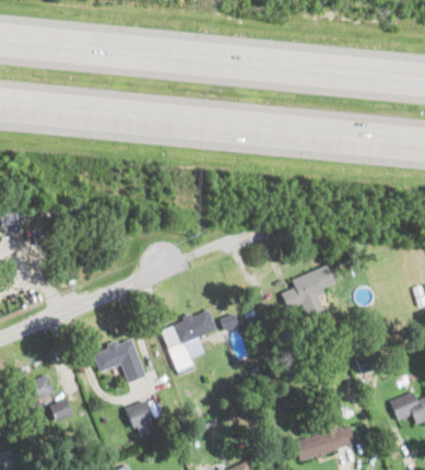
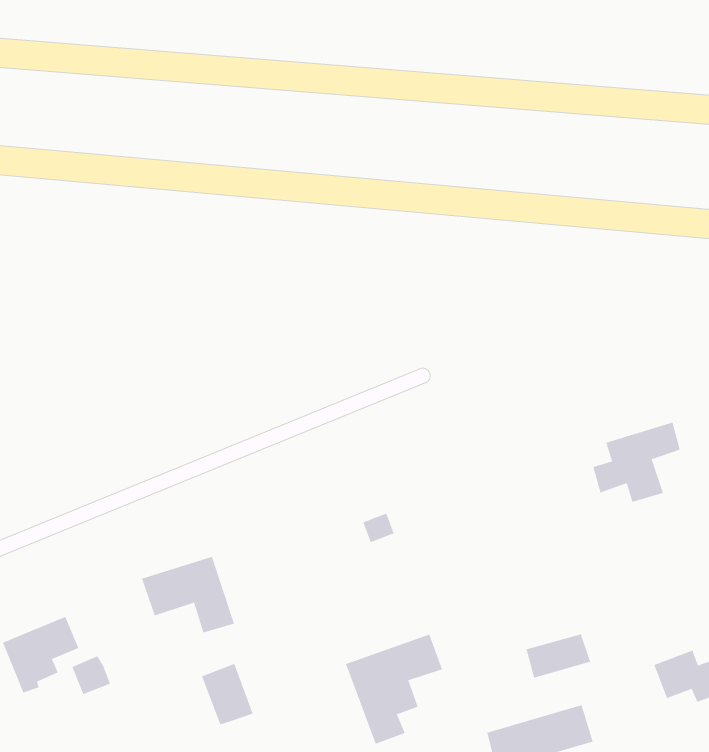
building: [283,267,334,314] -> [592,422,681,503]
building: [161,309,217,374] -> [345,634,443,744]
building: none -> [526,633,591,679]

